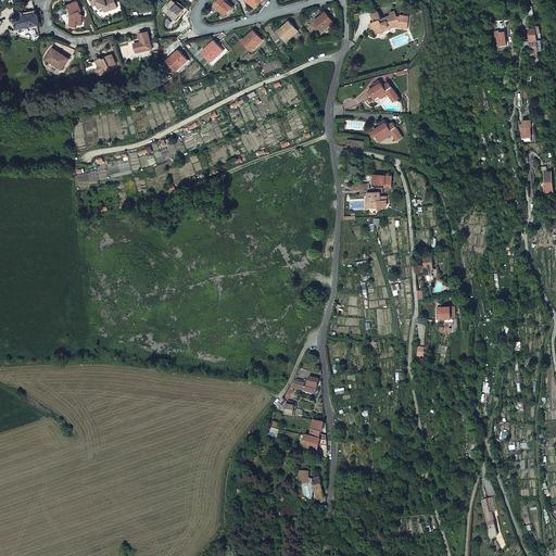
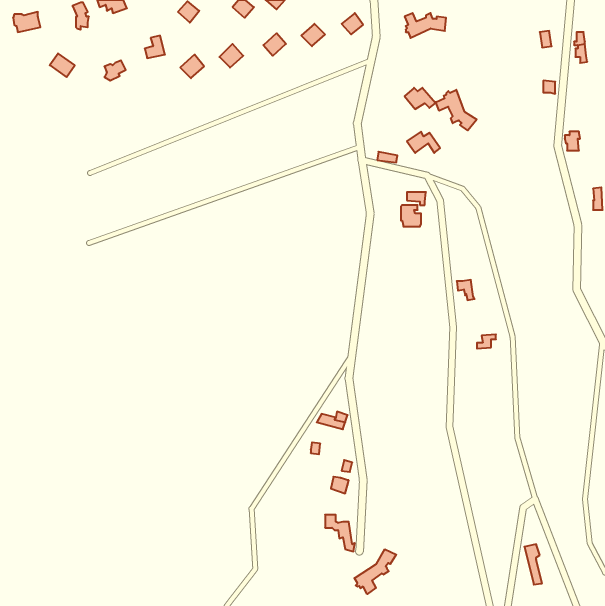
building: none -> [436,90,477,130]
building: none -> [354,549,396,594]

